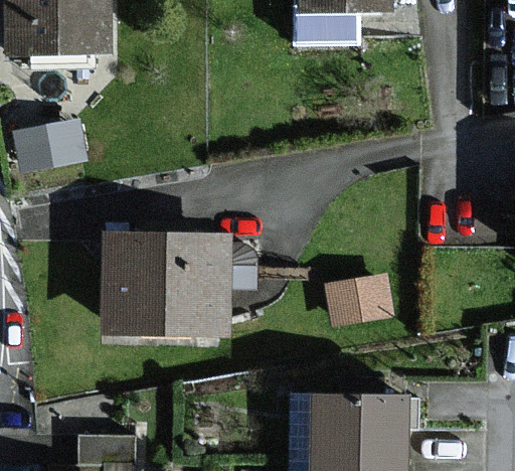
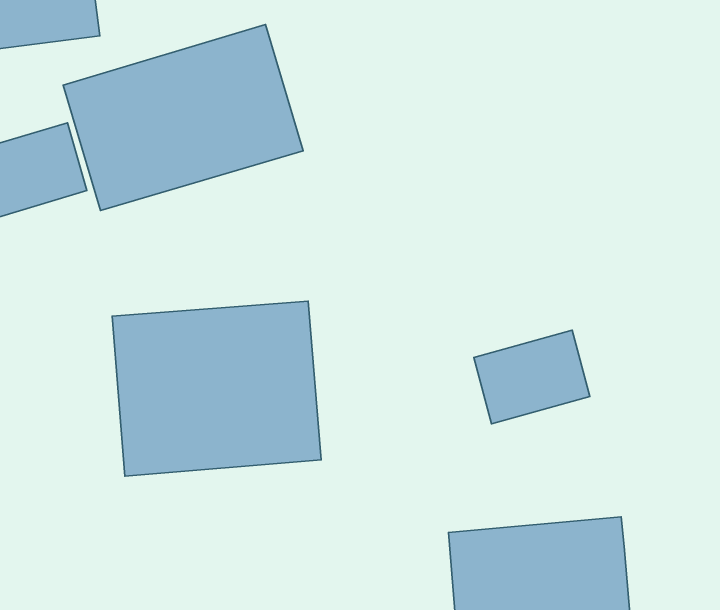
building: none -> [63,24,303,211]

